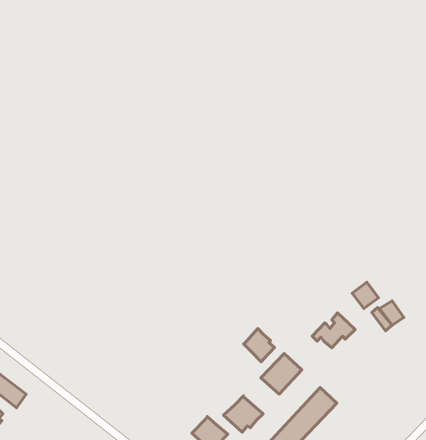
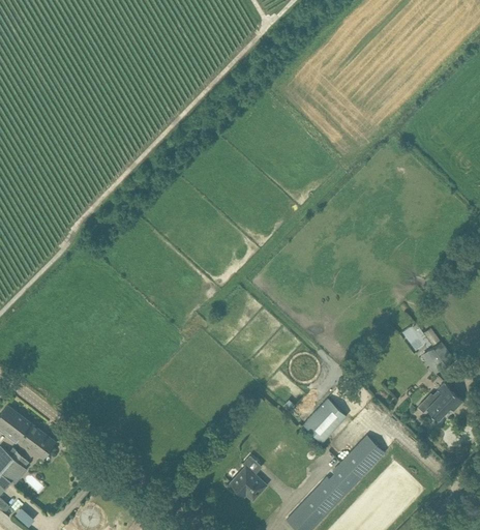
building: [312,313,355,348] -> [418,382,463,419]
building: [243,329,275,362] -> none
building: [224,396,263,432] -> none

